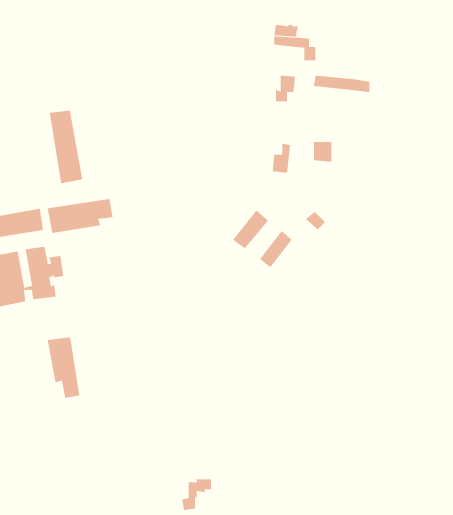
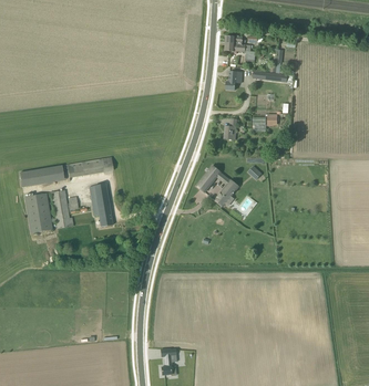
building: [49,110,83,184] -> none
building: [47,337,80,399] -> [89,184,112,227]

